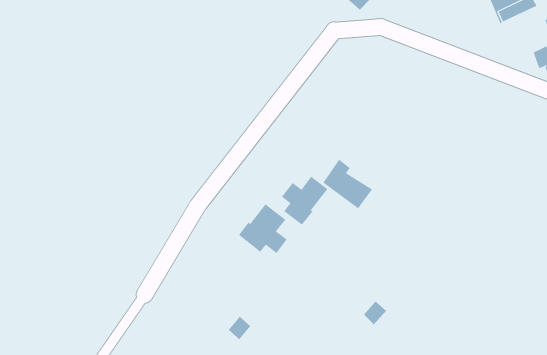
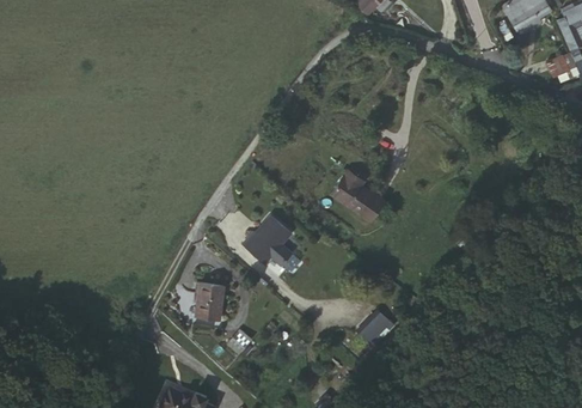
building: [281,176,328,225] -> none
building: none -> [196,282,225,318]

